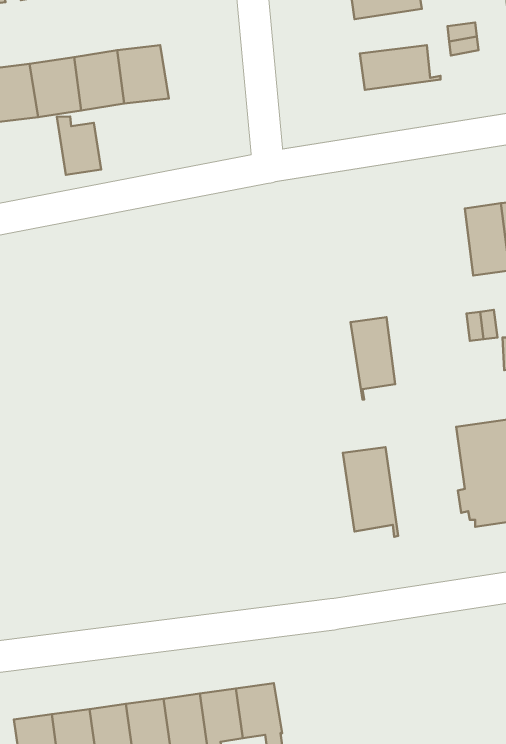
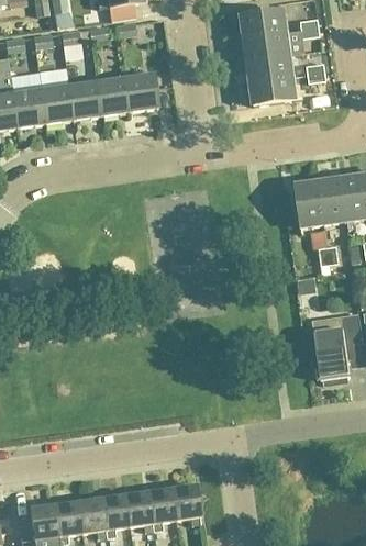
building: none -> [247,53,293,81]
building: none -> [123,71,157,110]
building: [57,116,101,175] -> none
building: [350,317,395,400] -> [295,180,323,233]
building: [343,447,398,537] -> none

